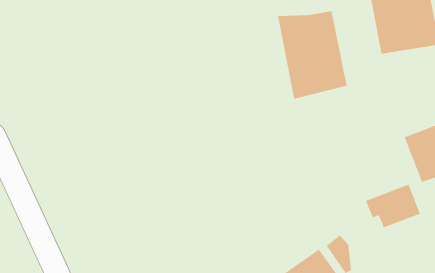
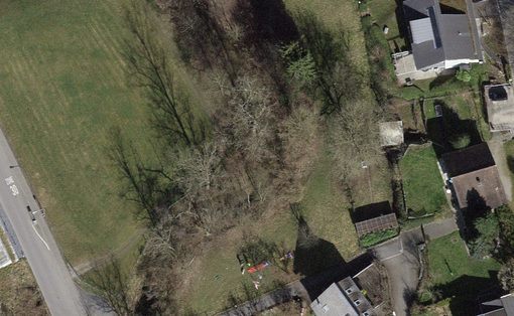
building: [277,11,347,99] -> none
building: [365,184,420,228] -> none

